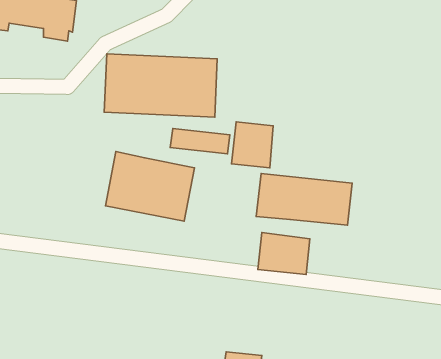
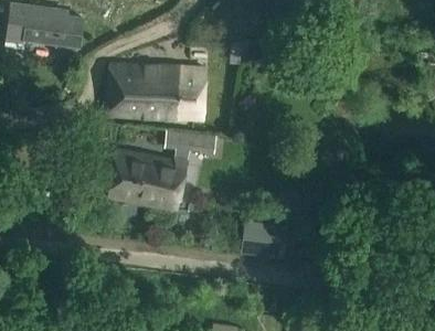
building: [232,122,273,168] -> none
building: [256,173,352,225] -> none

